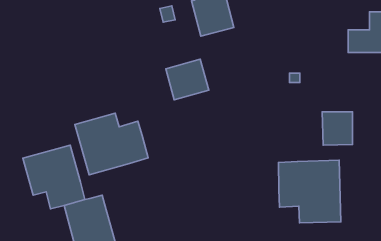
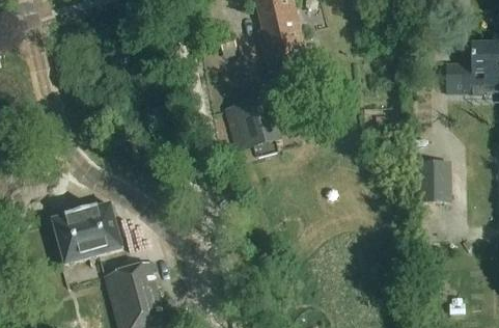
building: [75,113,148,175] -> none
building: [278,160,341,223] -> none

